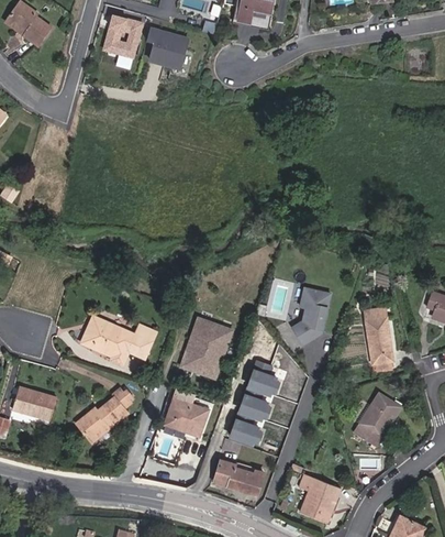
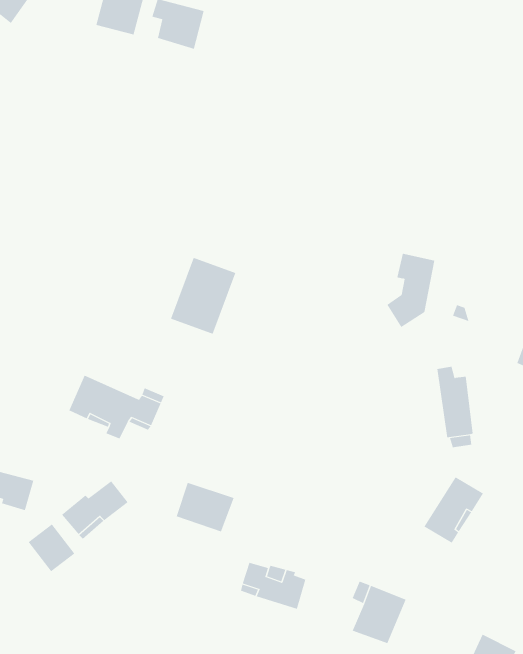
building: [292,288,330,346] -> [387,253,435,328]
building: [182,318,233,377] -> [170,257,236,335]
building: [230,361,276,443] -> none
building: none -> [28,523,75,572]

